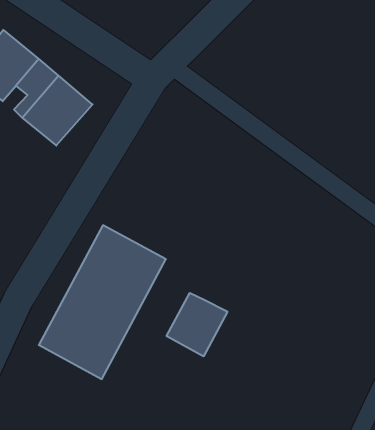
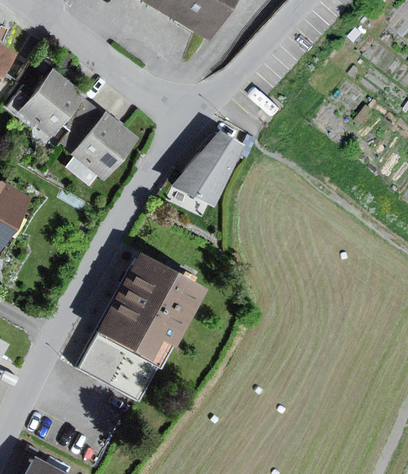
building: none -> [173,132,244,207]
building: [167,293,227,356] -> none

